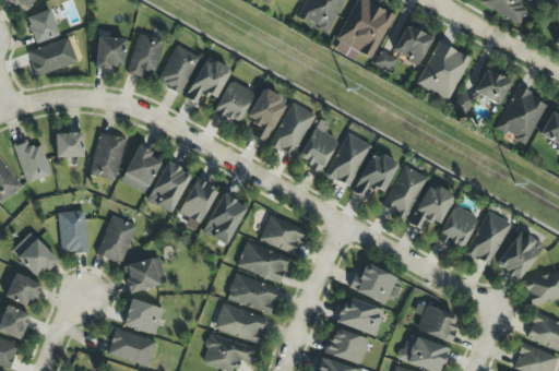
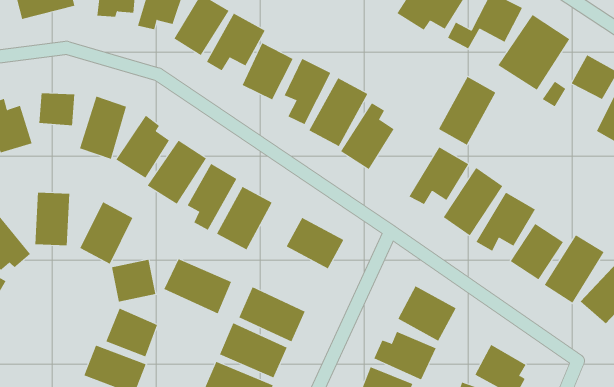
building: [328,133,371,188] -> [438,76,496,145]
building: [237,242,290,284] -> [163,258,232,314]

